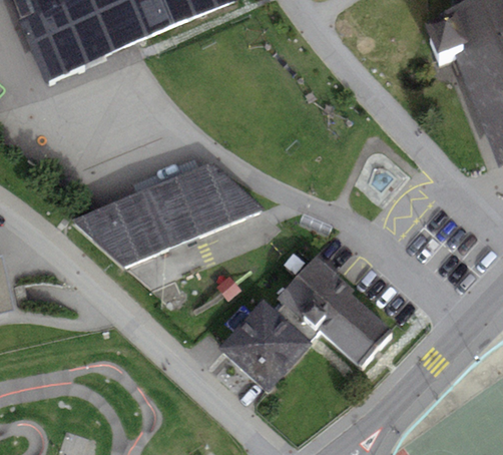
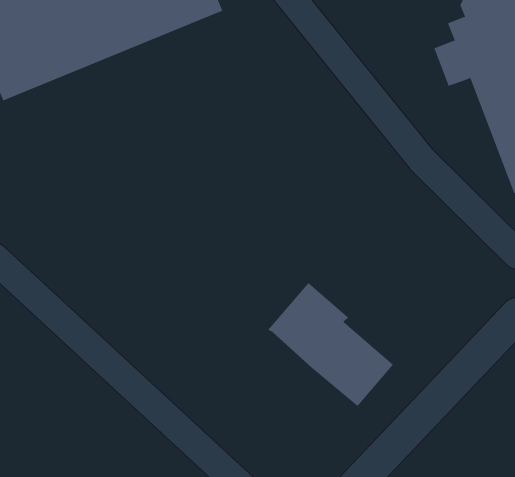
building: [69,160,266,265] -> none
building: [220,297,320,387] -> none

